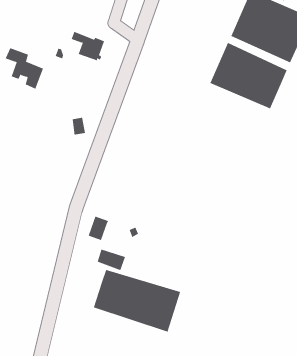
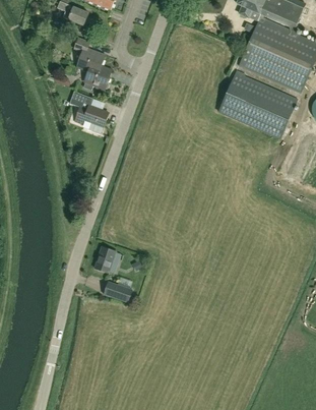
building: none -> [73,37,105,66]
building: [5,47,44,89] -> [68,91,108,133]
building: [93,269,181,333] -> none

